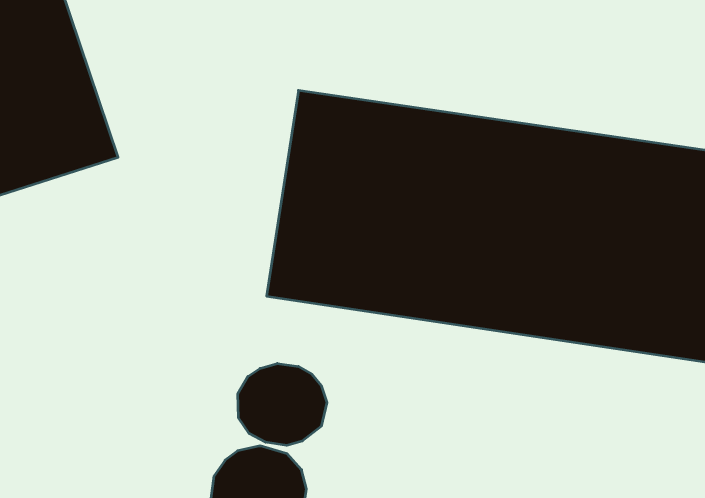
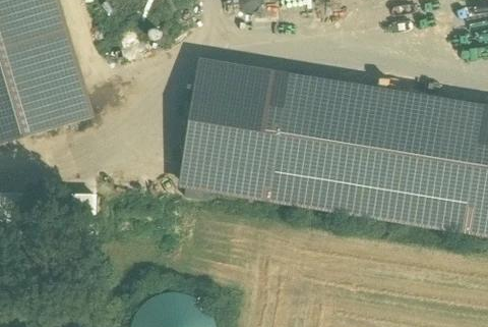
building: [238,363,327,445] -> none

